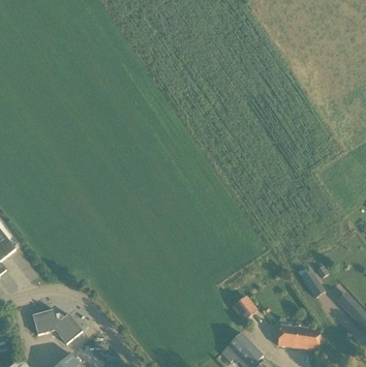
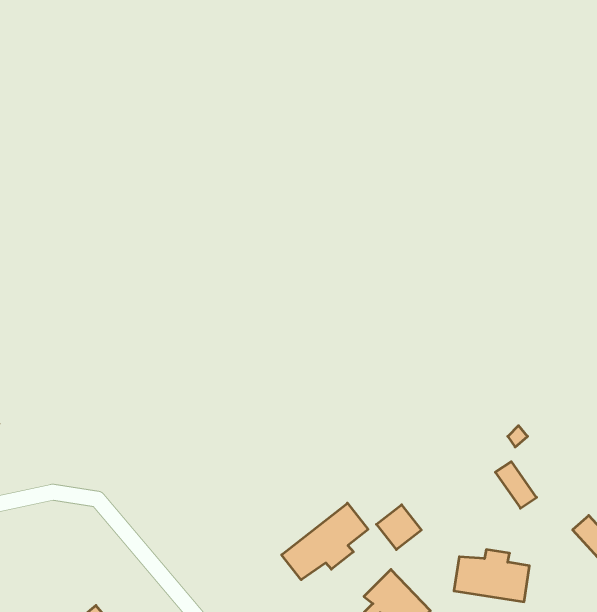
building: none -> [282,503,368,580]
building: [31,309,82,344] -> none

